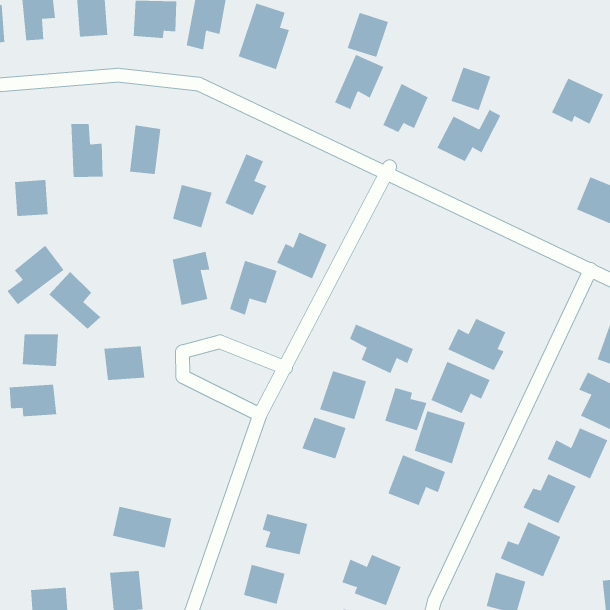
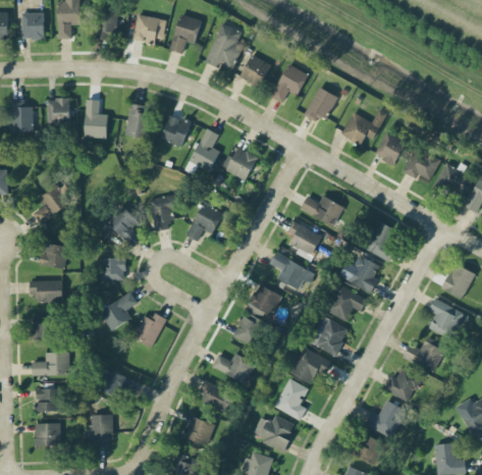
building: [347,12,389,58] -> [239,55,270,88]
building: [451,67,491,111] -> [375,133,405,164]
building: [551,78,604,124] -> [403,148,440,181]
building: [14,180,48,217] -> [47,99,69,123]
building: [172,185,212,228] -> [161,115,191,147]
building: [276,232,328,279] -> [221,147,258,180]
building: none -> [300,196,343,225]
building: none -> [363,220,397,261]
building: [49,271,101,330] -> [106,205,142,247]
building: none -> [286,221,321,255]
building: [384,387,427,431] -> none
building: none -> [99,292,138,331]
building: none -> [132,313,167,348]
building: none -> [32,317,52,339]
building: none -> [212,354,256,383]
building: none -> [32,353,69,375]
building: none -> [273,378,308,420]
building: none -> [35,388,62,412]

